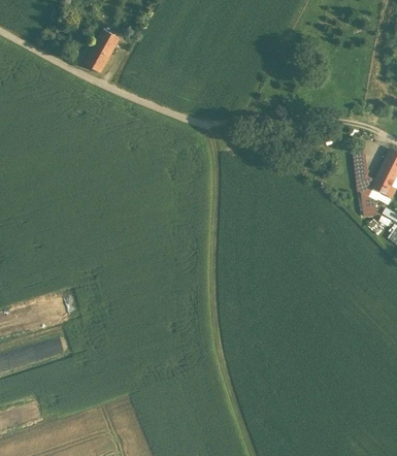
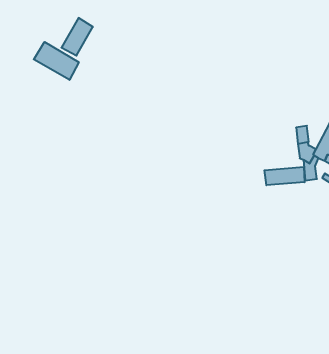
building: none -> [34,42,79,80]
building: none -> [264,167,305,185]

